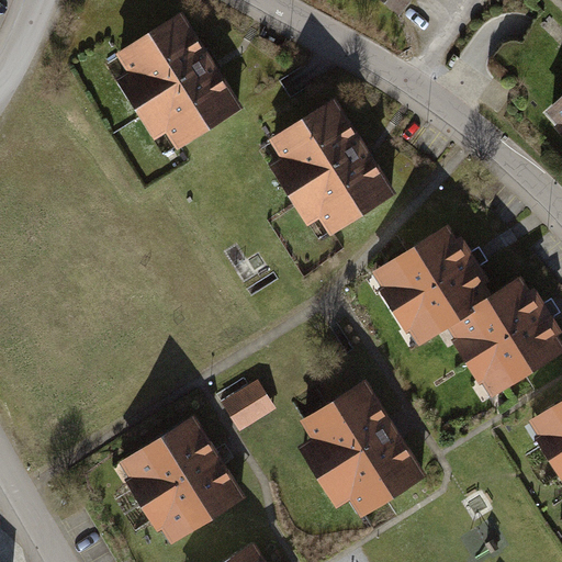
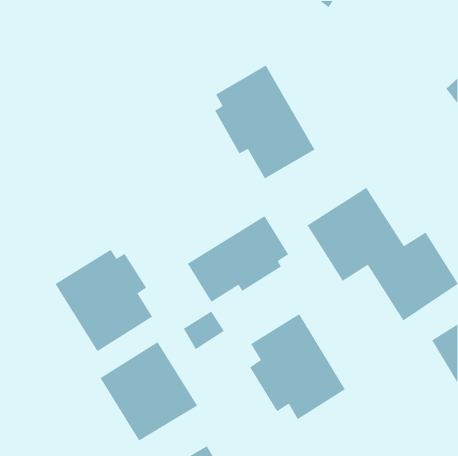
building: [116,12,233,139] -> none
building: none -> [187,215,289,303]
building: none -> [55,249,153,352]

